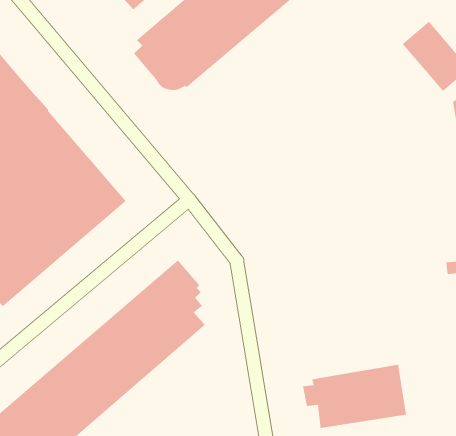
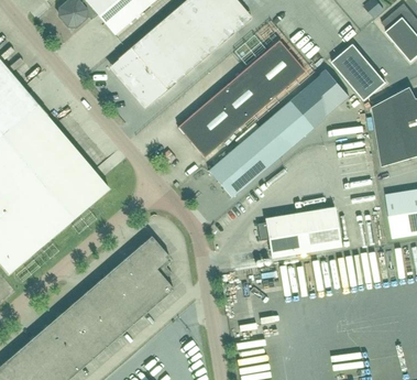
building: none -> [177,40,305,158]
building: none -> [208,69,349,197]
building: [302,364,407,428] -> [256,206,341,258]

